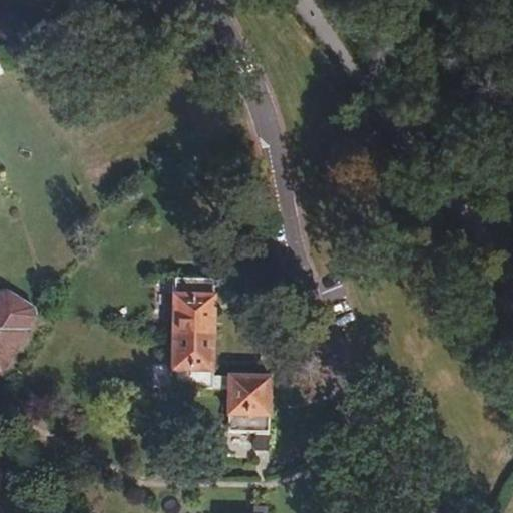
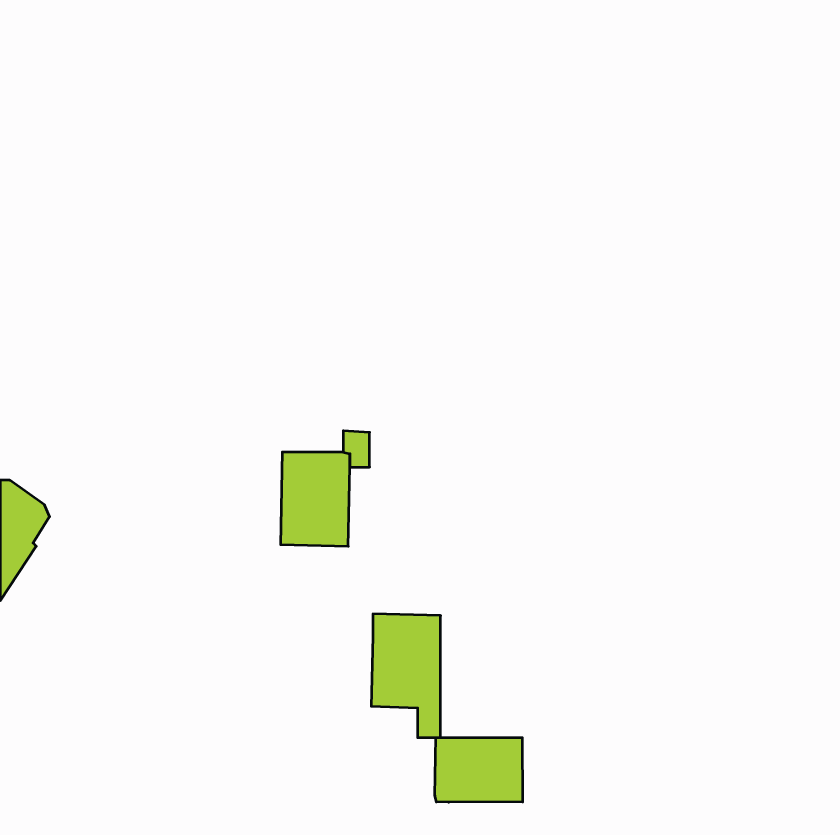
building: [170,331,228,387] -> none
building: none -> [435,738,523,802]

